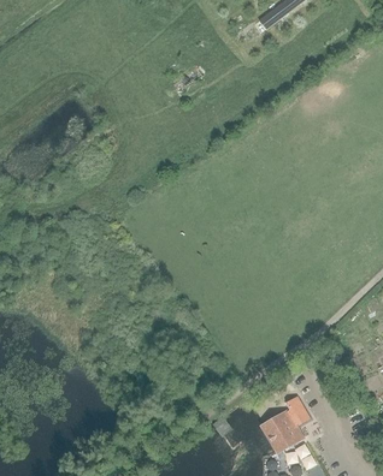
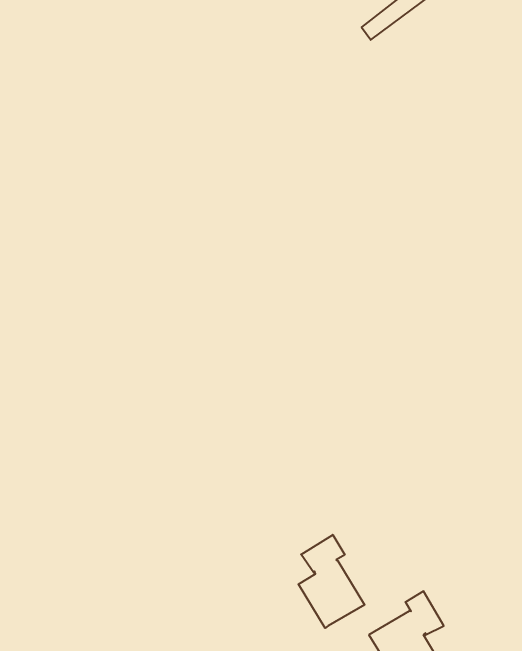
building: none -> [298,535,365,628]

